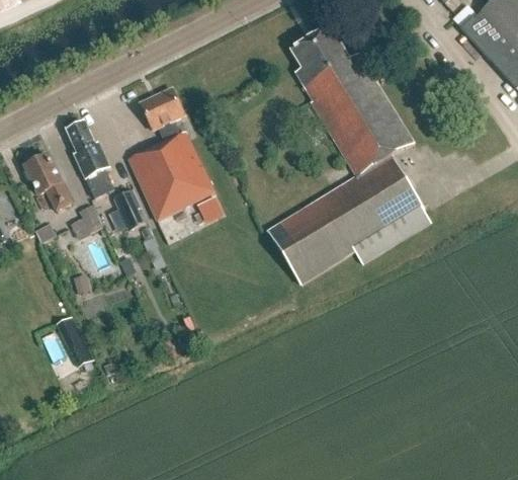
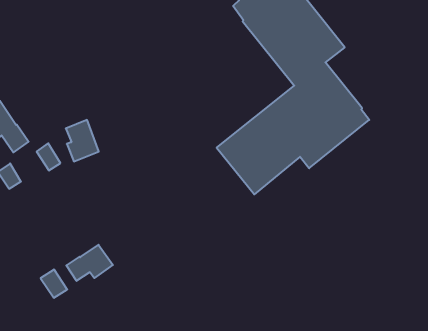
building: [127,86,215,219] -> none
building: [67,121,113,198] -> none
building: none -> [66,245,113,281]

